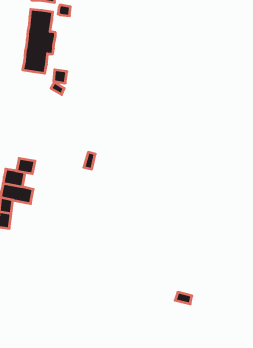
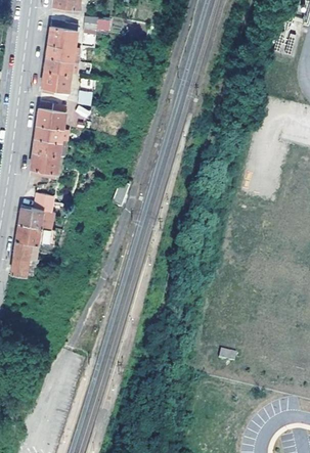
building: none -> [31,102,69,176]

